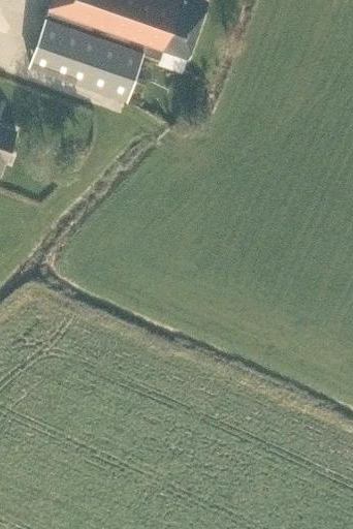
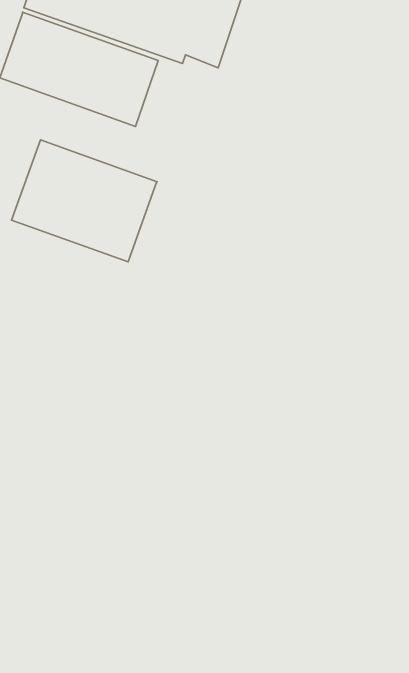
building: none -> [11,140,157,262]

